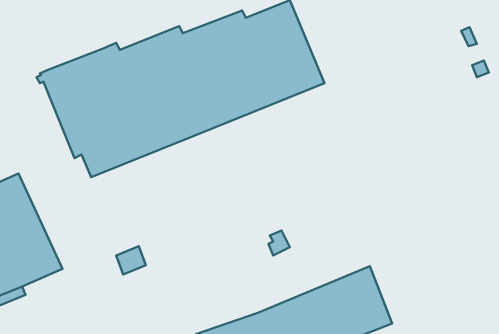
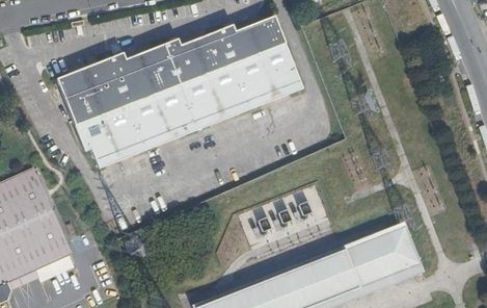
building: none -> [343,223,422,296]

